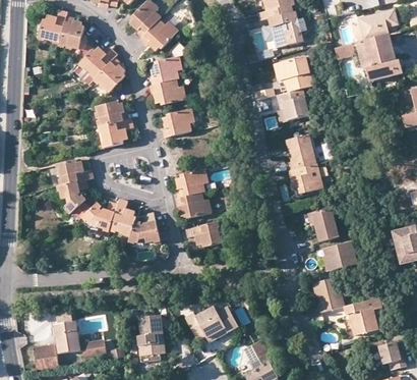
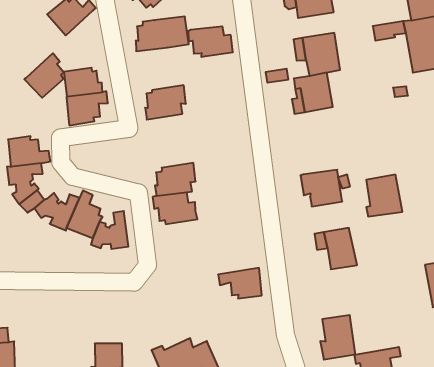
building: [94,56,124,92] -> [24,53,64,98]
building: [148,79,185,105] -> [188,26,233,57]
building: [286,134,316,169] -> [366,175,402,216]
building: [184,221,220,247] -> [218,268,262,298]
building: [315,241,356,273] -> none

